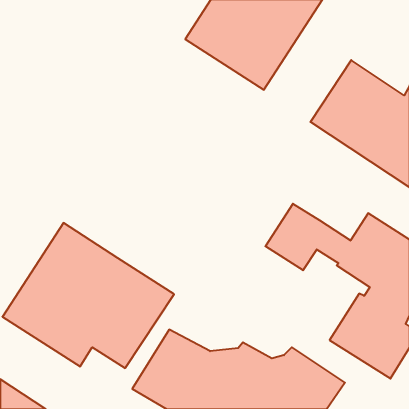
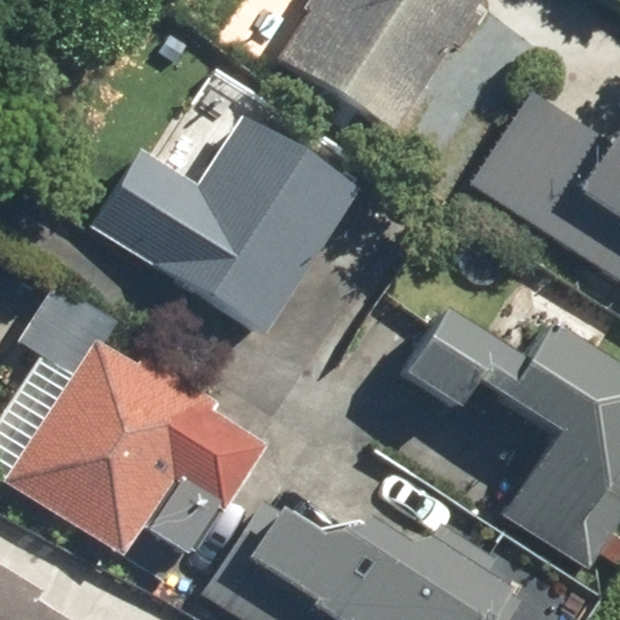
building: none -> [145,114,358,338]

